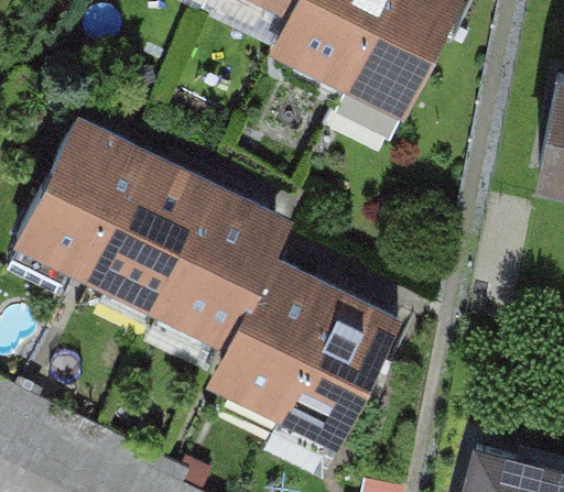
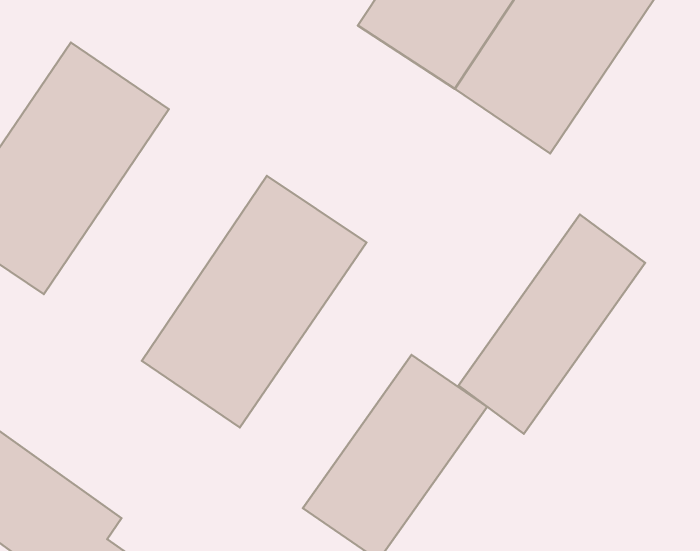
building: [69,149,213,329] -> none
building: none -> [458,214,645,434]
building: [217,263,336,414] -> none

